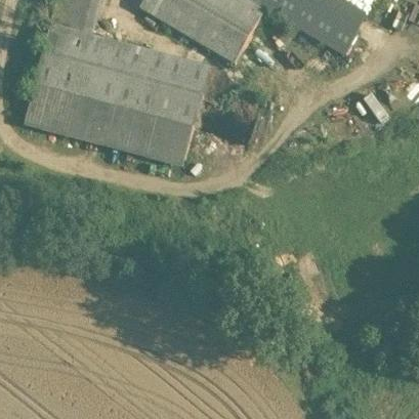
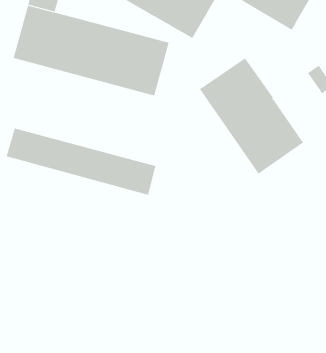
building: none -> [199,57,304,175]
building: [25,84,192,159] -> [6,128,156,195]

